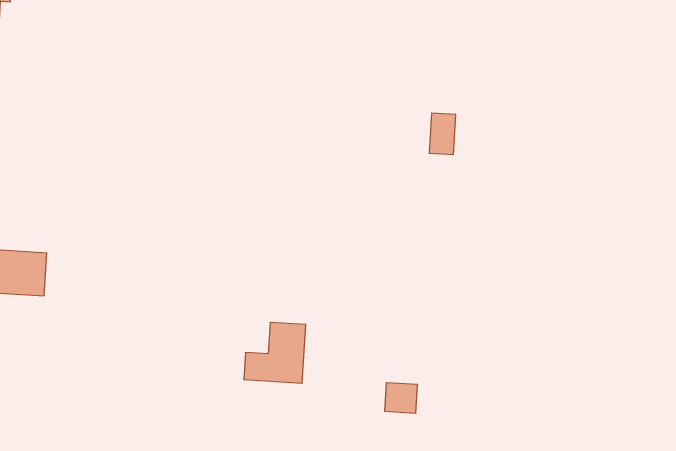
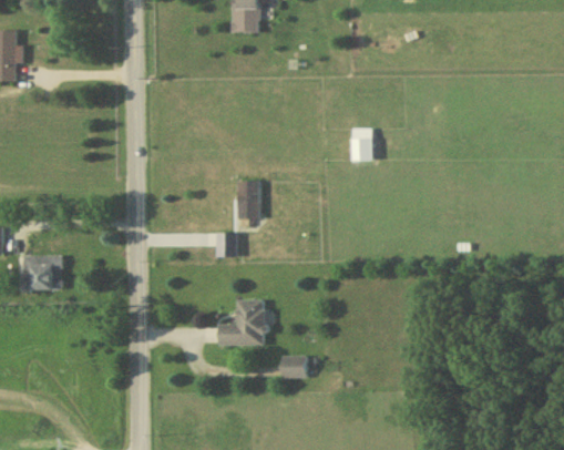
building: none -> [237,181,259,218]
building: [385,383,418,413] -> [281,356,306,378]

